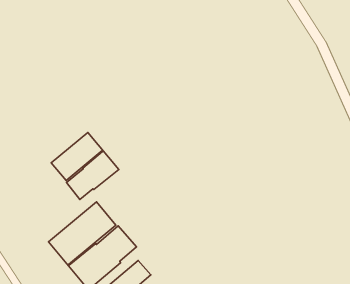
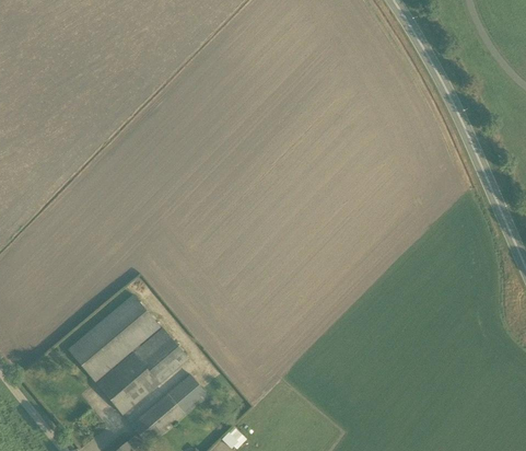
building: [51,132,119,199] -> none

